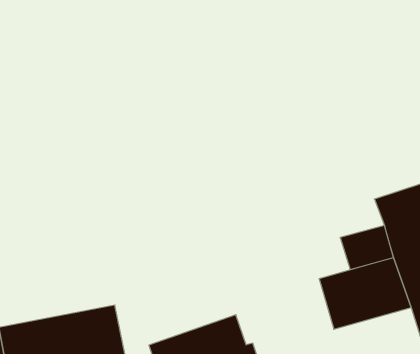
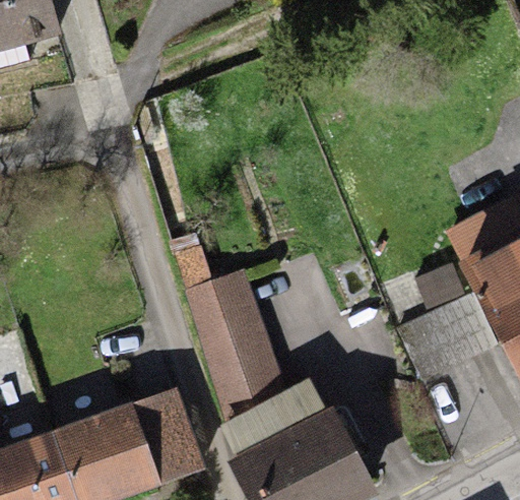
building: none -> [183,269,283,403]

